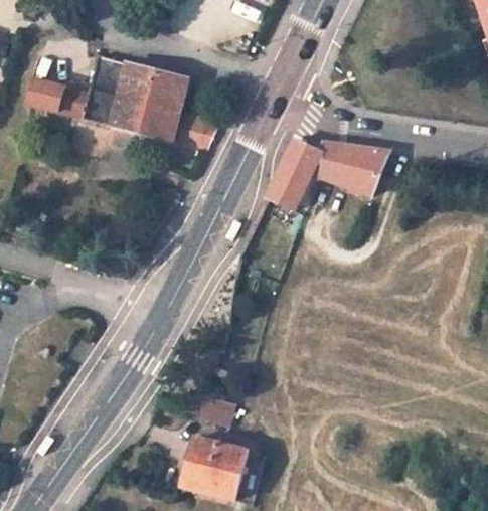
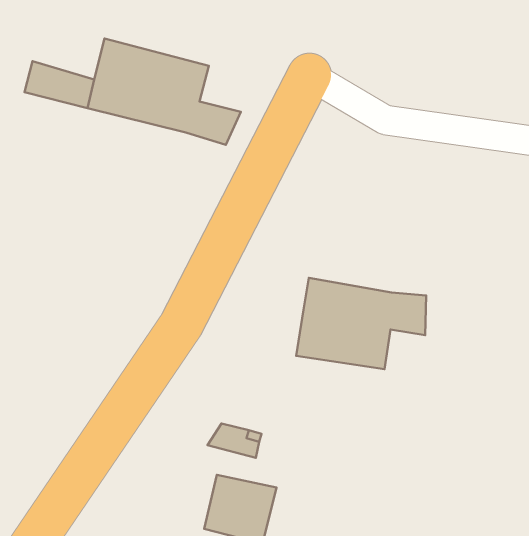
building: [266,140,388,210] -> none
building: none -> [296,278,426,369]

